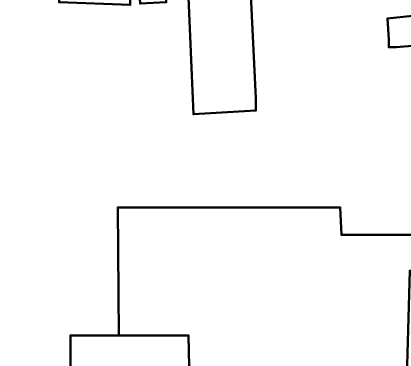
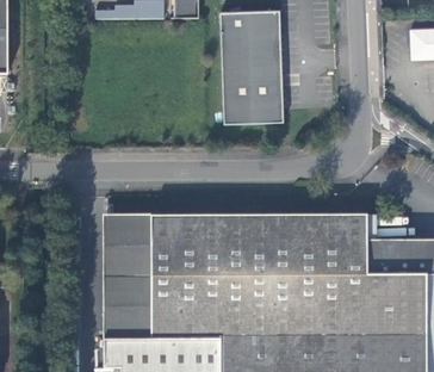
building: none -> [104,213,153,336]

